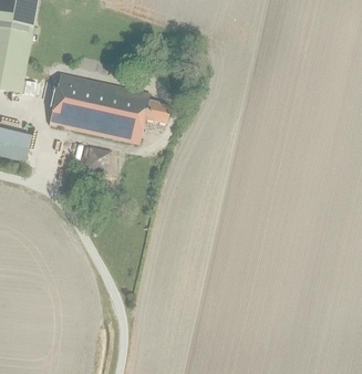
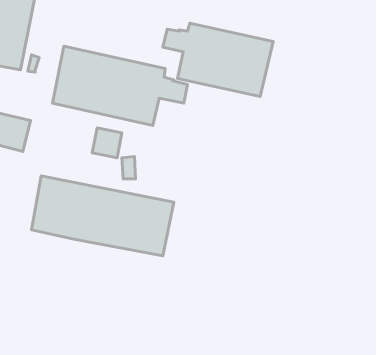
building: none -> [163,23,273,96]
building: none -> [31,176,174,256]

